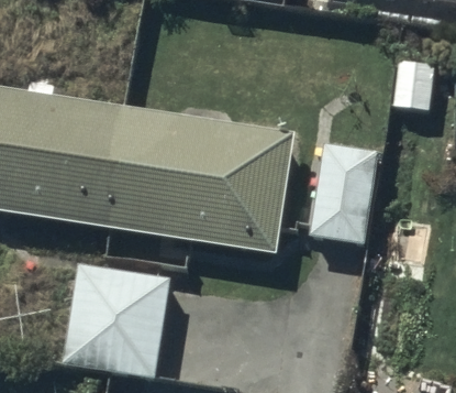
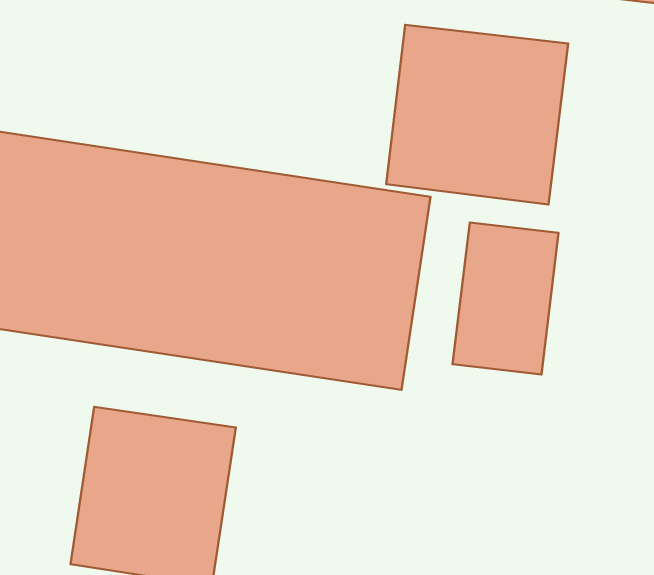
building: none -> [386,25,568,205]

